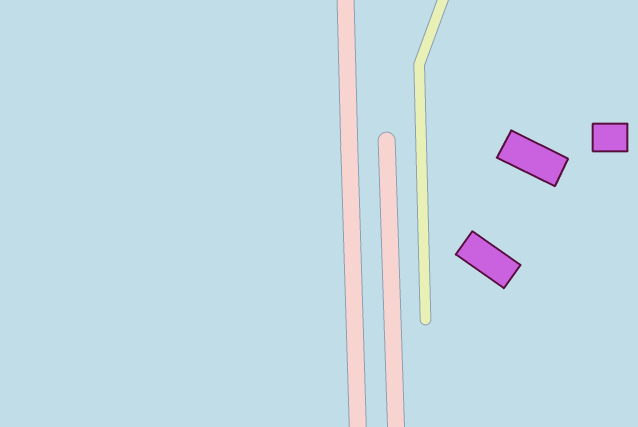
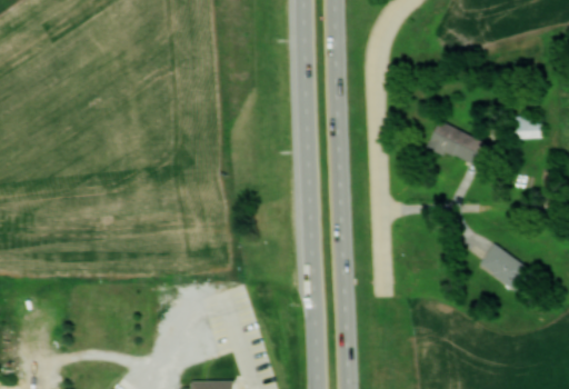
building: [456,231,521,288] -> [477,245,532,293]

